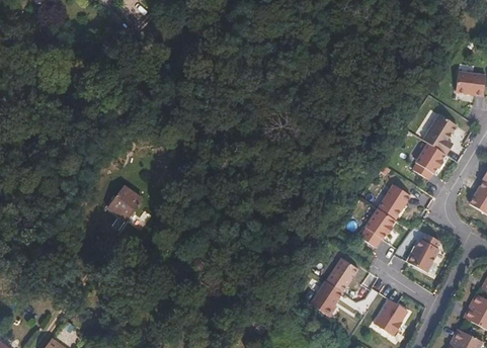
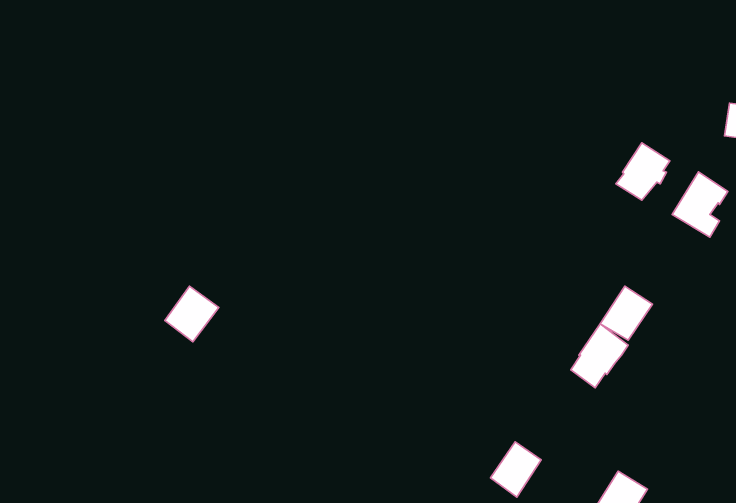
building: [411,144,444,179] -> [616,143,670,200]
building: [407,234,438,272] -> none
building: [325,258,357,292] -> none

